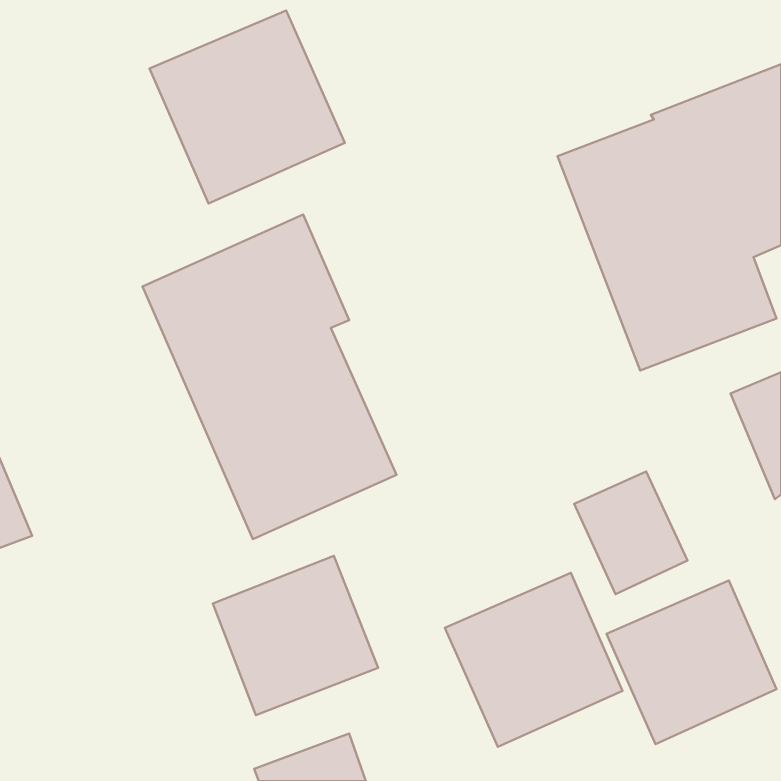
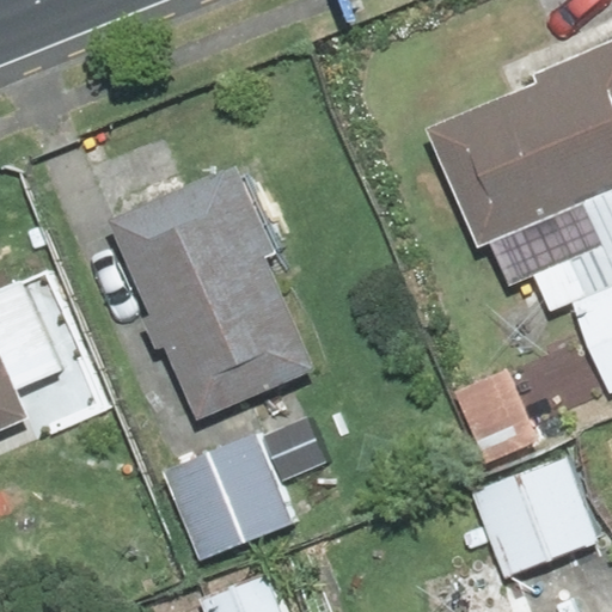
building: [150,10,345,203] -> none
building: [445,573,623,747] -> none

